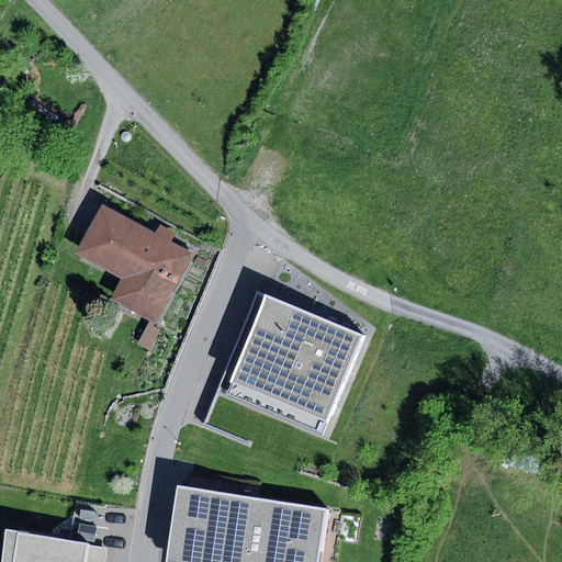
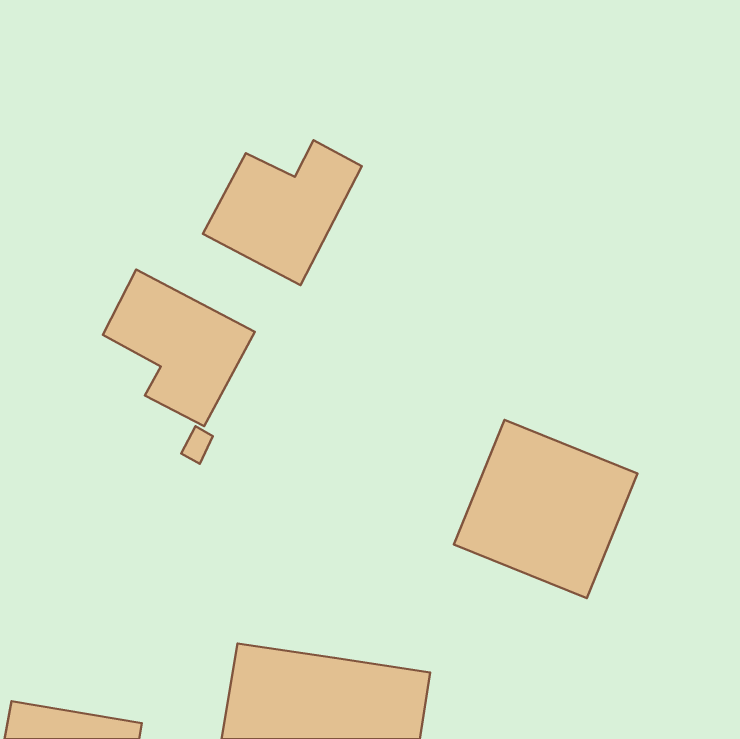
building: none -> [203,140,362,285]
building: [223,295,362,430] -> [454,420,638,598]

